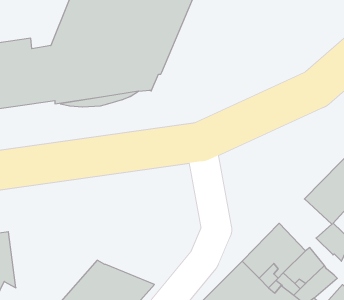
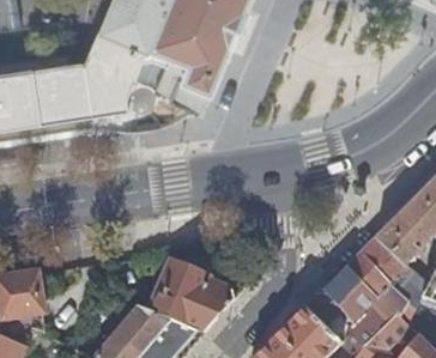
building: none -> [345,237,406,316]
building: none -> [149,257,234,334]

